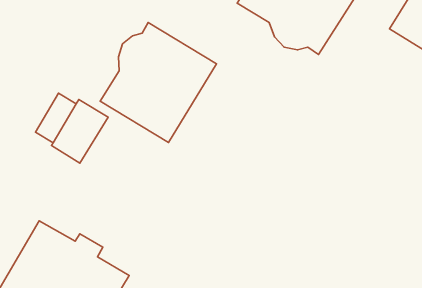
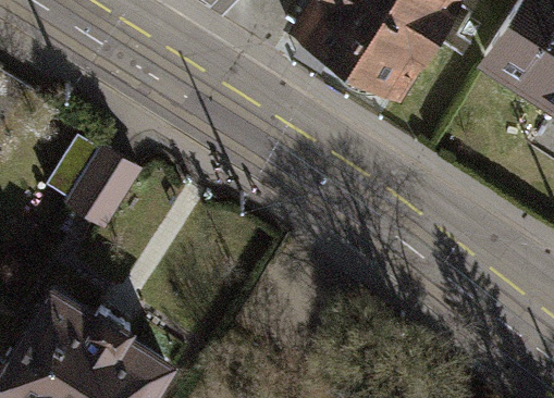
building: [100,22,217,143] -> none

